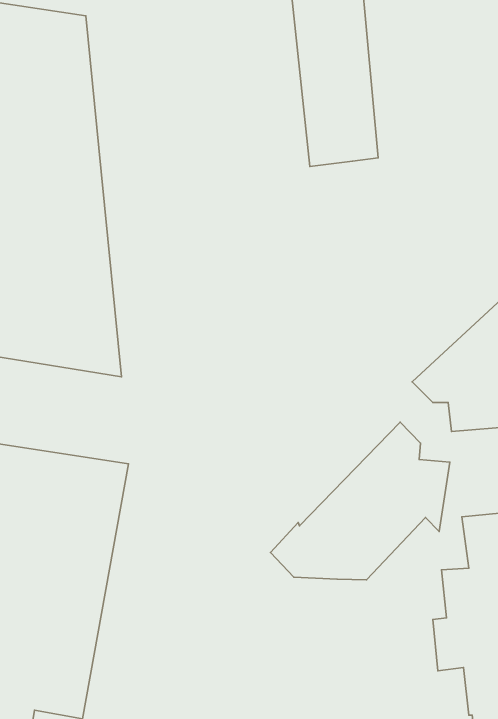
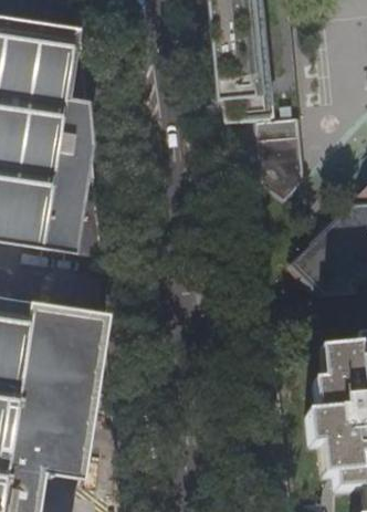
building: none -> [252,116,302,205]
building: [270,422,450,580] -> none

